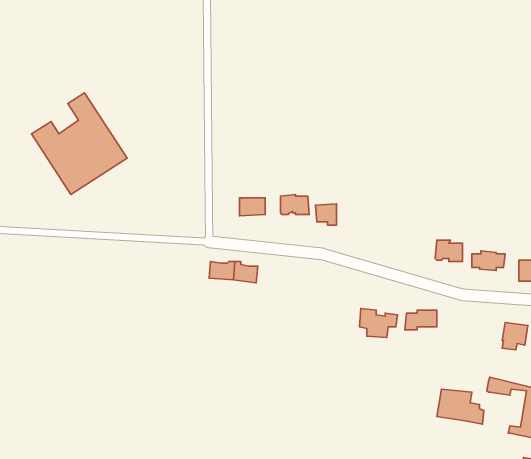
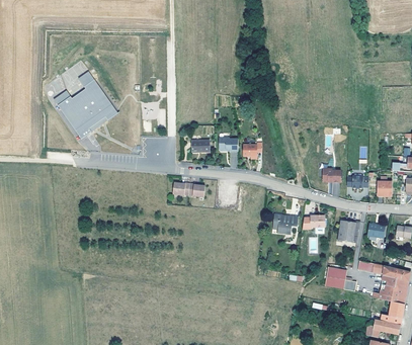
building: none -> [337,220,360,243]

